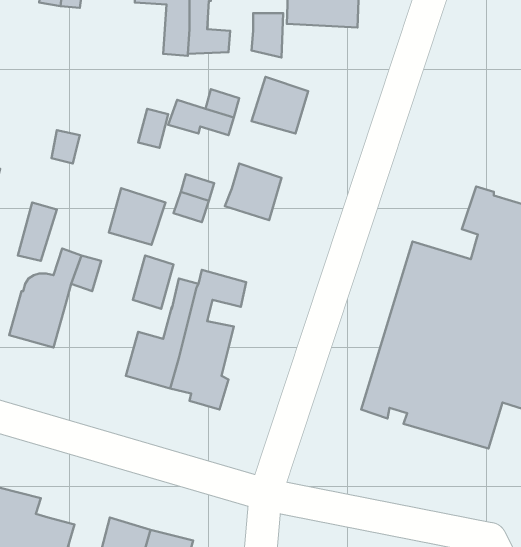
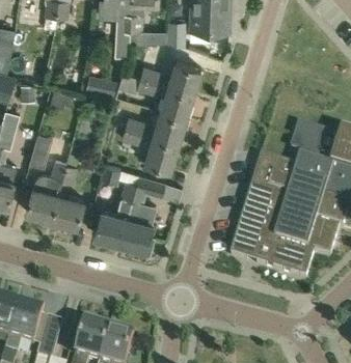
building: none -> [160,86,193,119]
building: [109,188,166,245] -> [144,136,178,169]
building: none -> [51,193,84,226]

